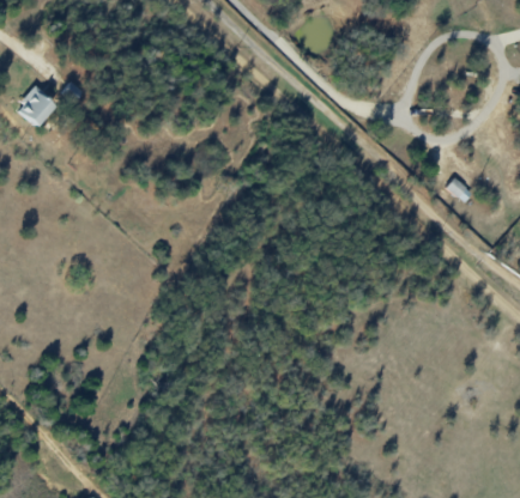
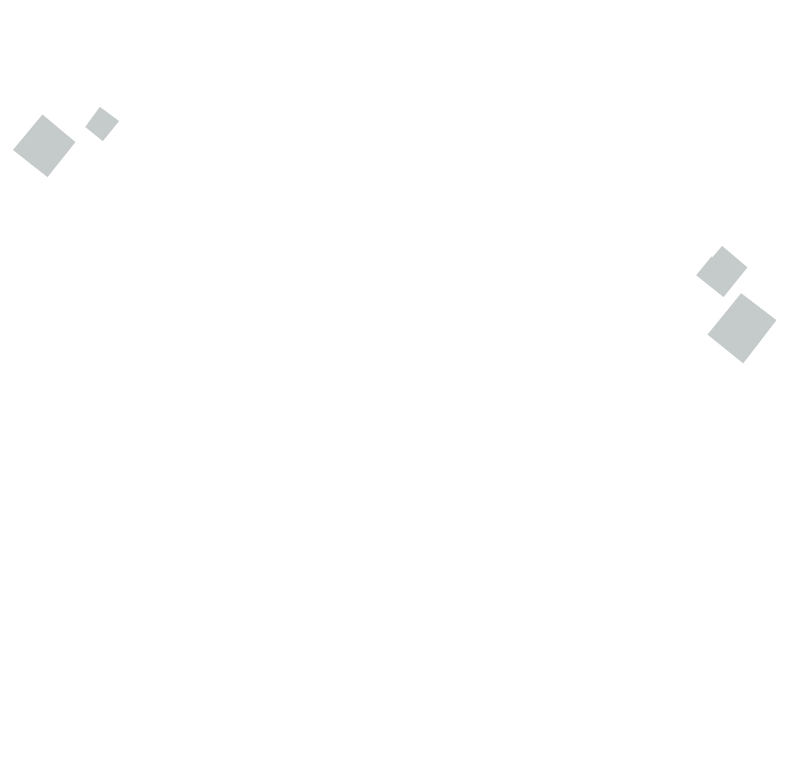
building: none -> [707,292,777,364]

